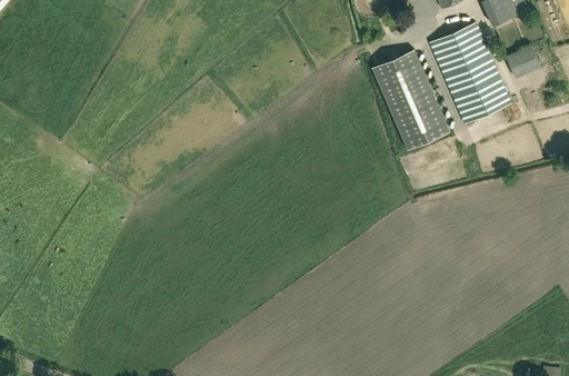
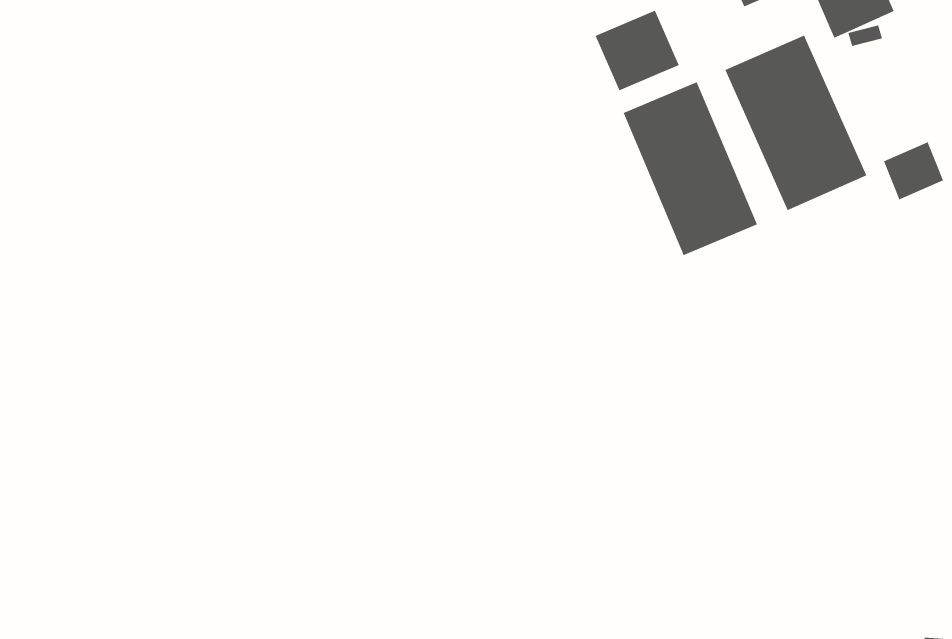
building: none -> [595,10,680,91]
building: [506,46,540,79] -> [883,142,944,200]

